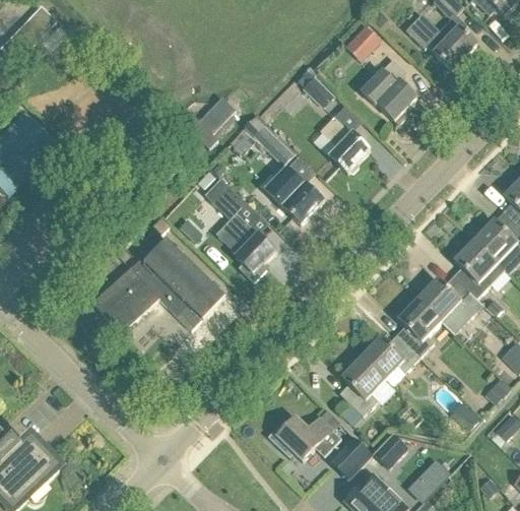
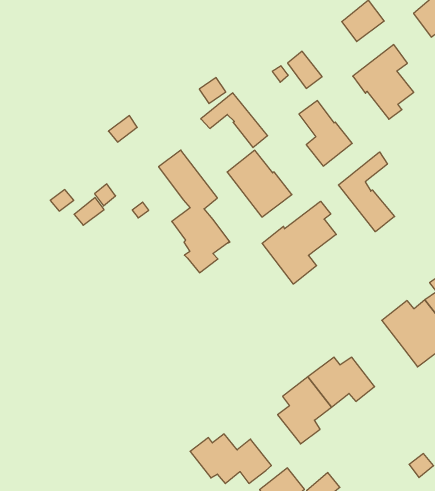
building: [180,95,236,147] -> none
building: none -> [338,152,395,232]
building: none -> [262,201,336,284]
building: [92,240,224,333] -> none
building: [395,299,440,357] -> none

